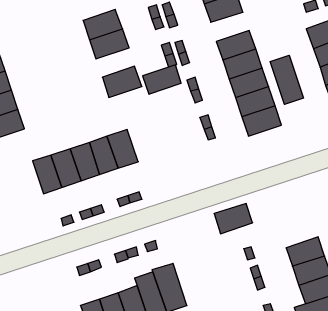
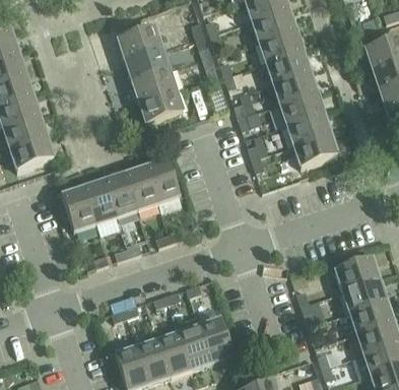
building: none -> [259,28,302,61]
building: [270,55,303,104] -> none
building: [143,65,181,94] -> [132,68,175,101]
building: [214,204,253,234] -> [335,256,378,289]

